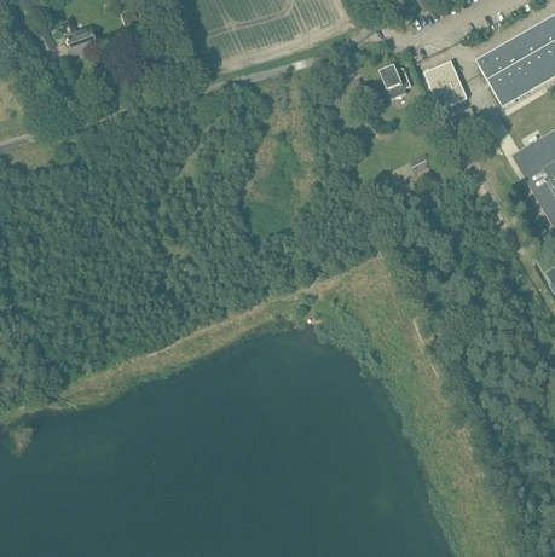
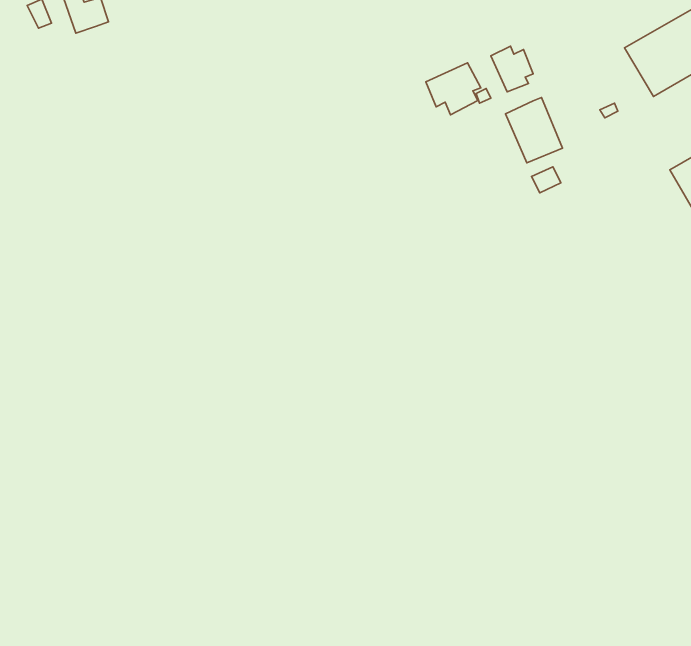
building: [424,60,467,109] -> [506,98,562,163]
building: none -> [426,63,481,115]

